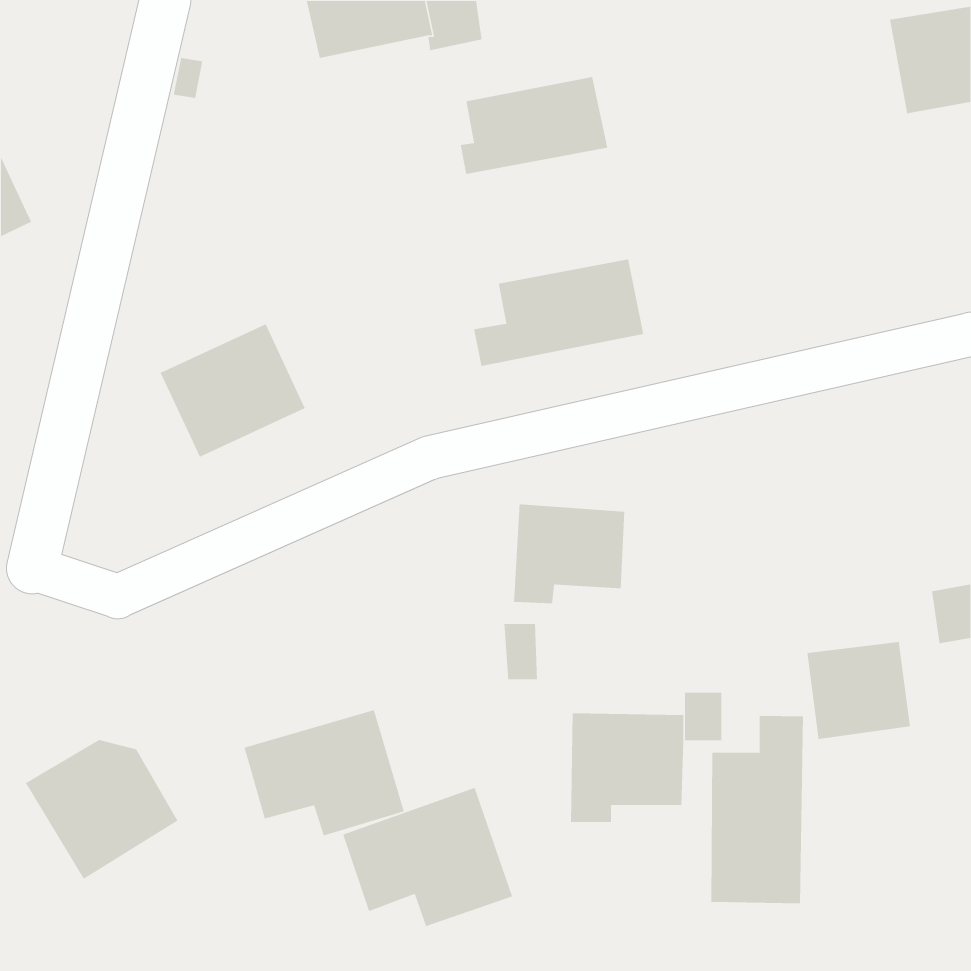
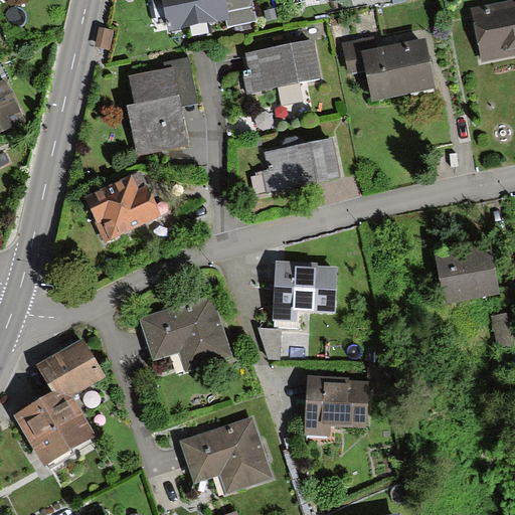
building: none -> [343,39,437,98]
building: none -> [126,58,197,157]
building: none -> [36,338,106,396]
building: [806,641,911,740] -> [436,248,491,301]
building: [243,709,405,836] -> [138,298,223,365]
building: [710,715,804,904] -> none

